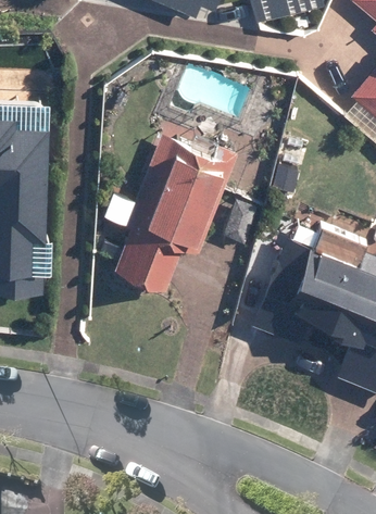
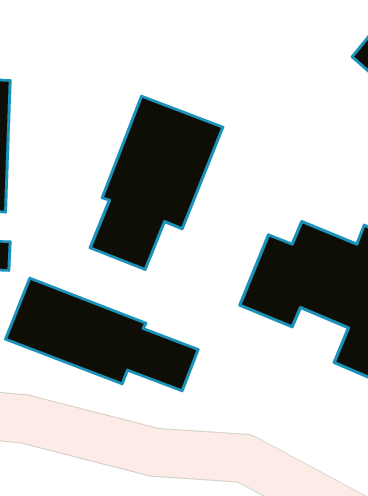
building: none -> [6,278,198,391]

